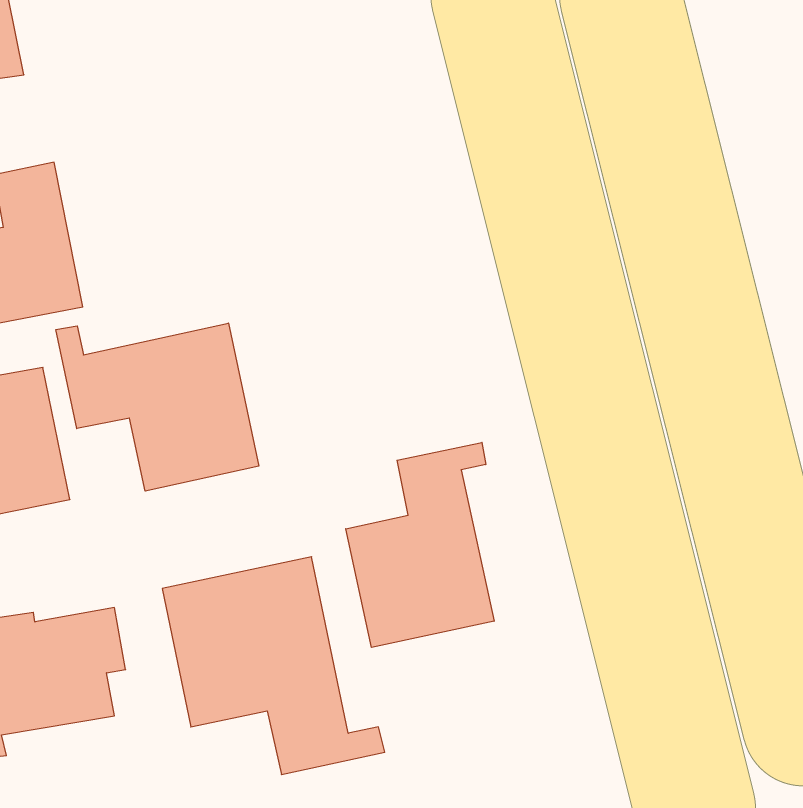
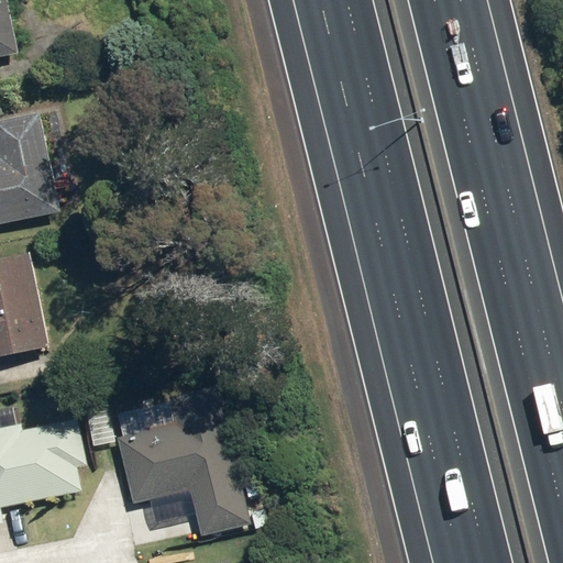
building: [56,323,259,491] -> none
building: [346,442,494,647] -> none

